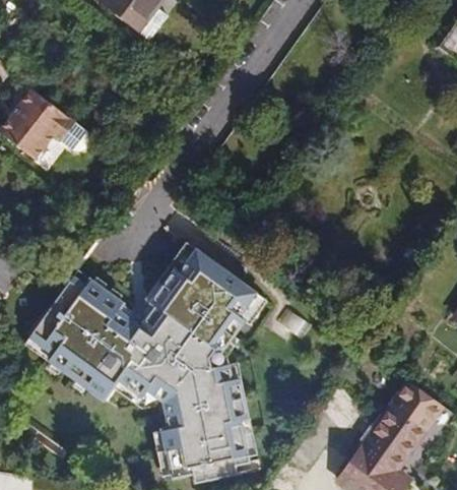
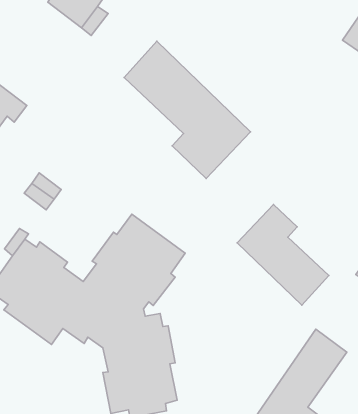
building: none -> [124,41,251,178]
building: none -> [237,205,329,305]

